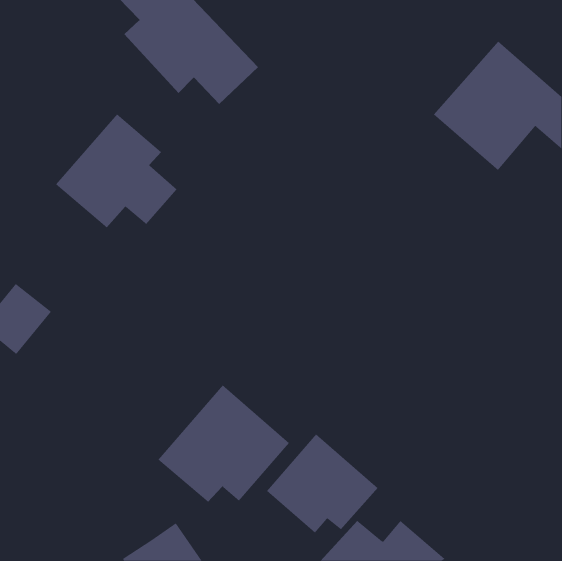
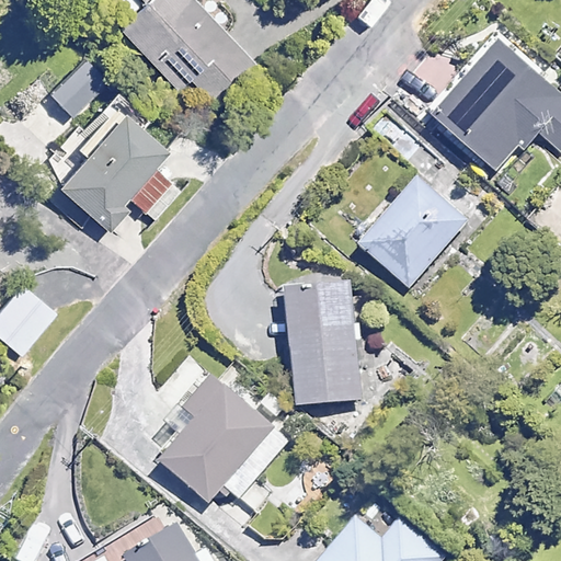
building: none -> [47,57,106,115]
building: none -> [358,175,467,286]
building: none -> [285,280,364,403]
building: [266,434,379,533] -> none

